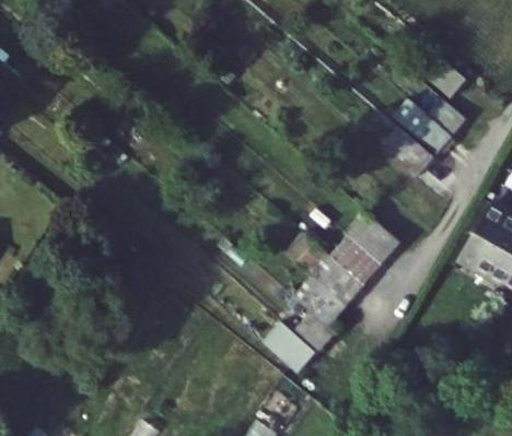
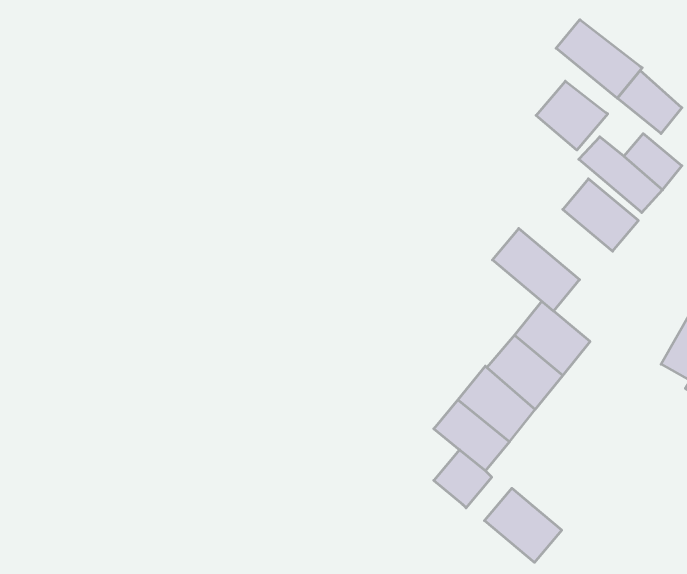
building: none -> [556,20,642,98]
building: none -> [536,81,608,150]
building: none -> [492,228,580,311]
building: [263,320,315,370] -> [484,488,562,562]

